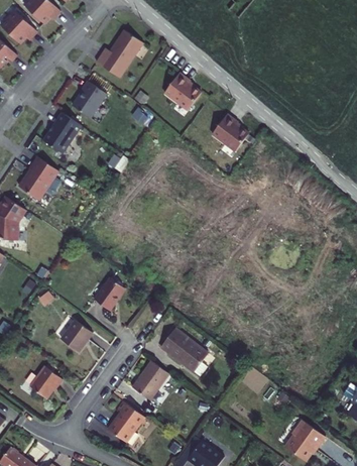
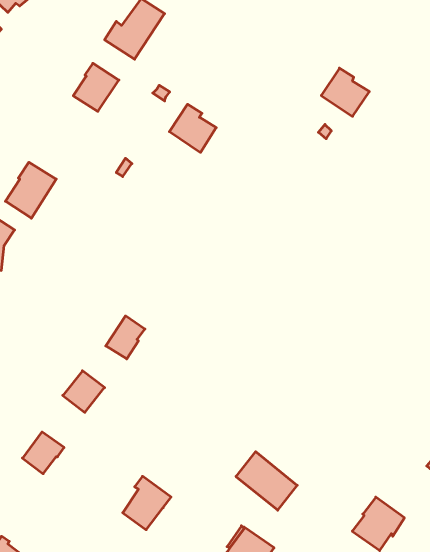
building: [161,76,198,113] -> [169,104,216,152]
building: [41,113,80,153] -> none
building: [211,114,248,151] -> [321,68,369,116]
building: [161,326,209,371] -> [236,452,297,510]
building: [131,361,168,400] -> none

